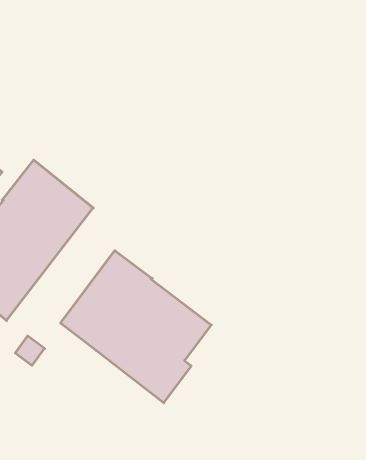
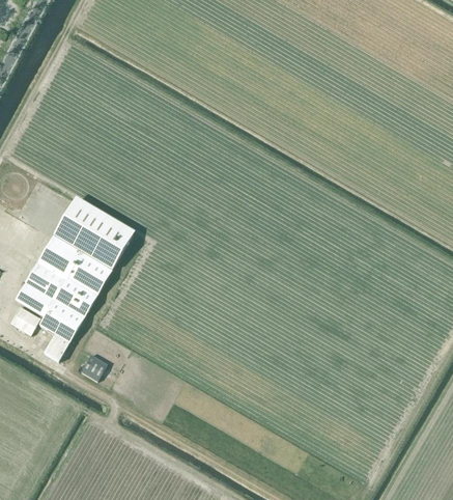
building: [61,251,211,403] -> none

